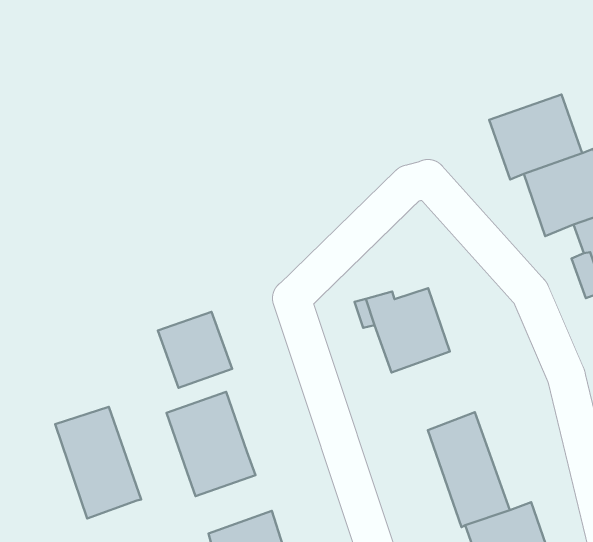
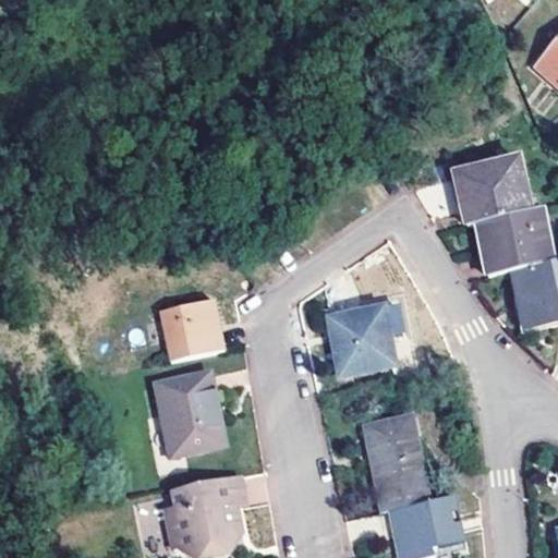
building: [55,407,141,519] -> none

